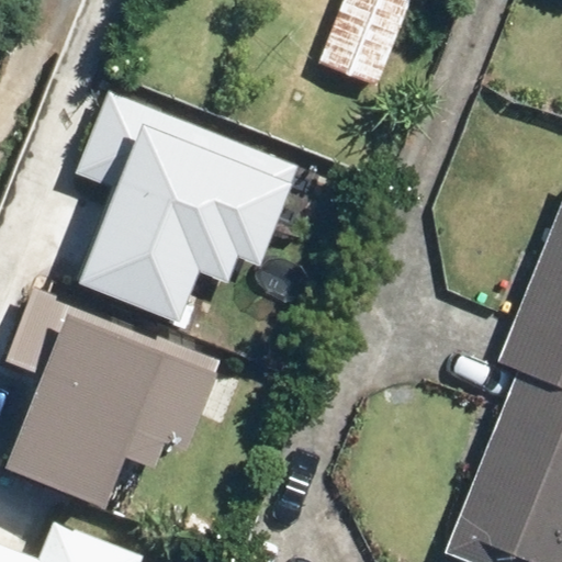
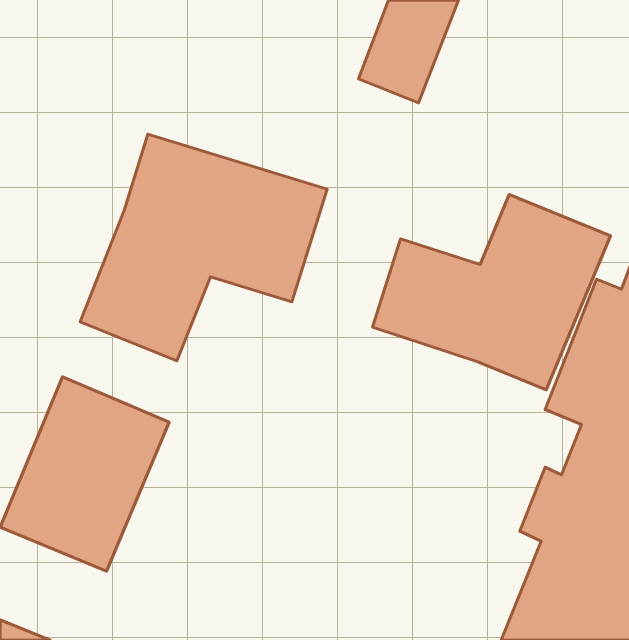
building: none -> [372,194,610,390]

